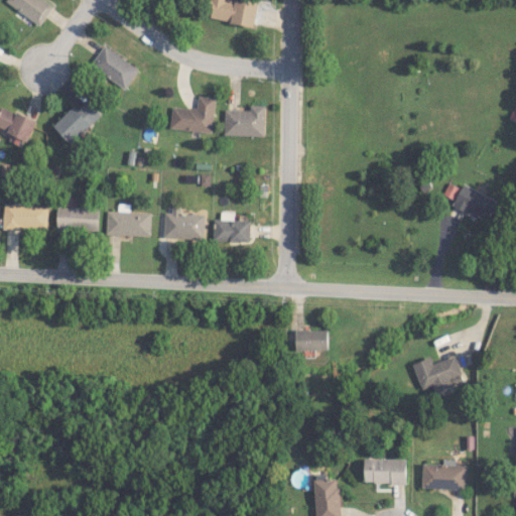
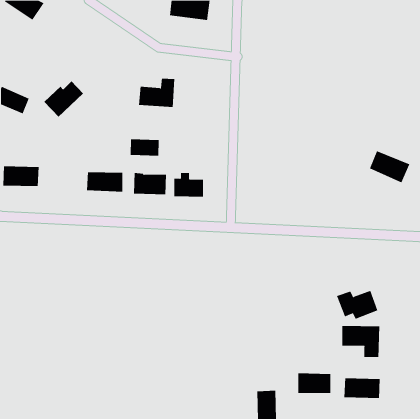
building: [91,46,139,89] -> none
building: [224,106,265,137] -> none
building: none -> [130,138,159,156]
building: [56,207,99,232] -> none
building: [295,331,329,351] -> none
building: none -> [342,325,380,358]

